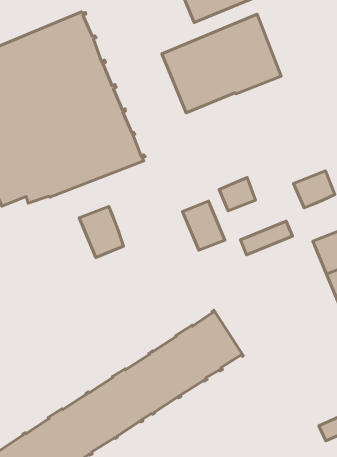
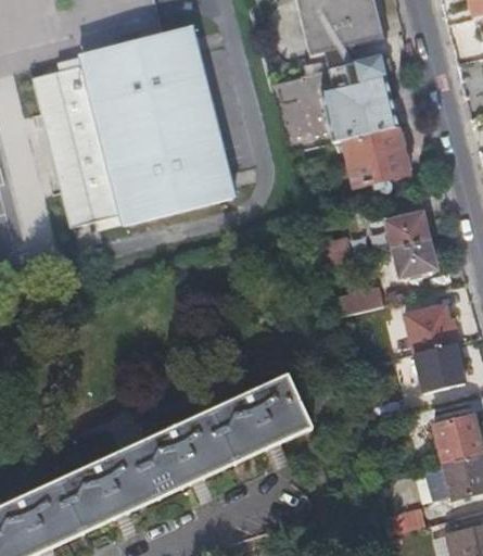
building: none -> [345,128,408,185]
building: none -> [387,213,431,248]
building: [182,201,225,250] -> none
building: [79,207,124,258] -> none

